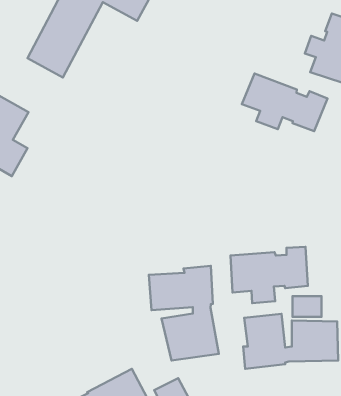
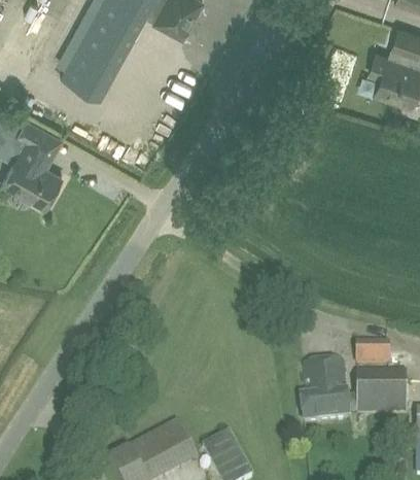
building: [242,73,328,131] -> none
building: [230,247,308,303] -> none
building: [149,266,219,361] -> none

